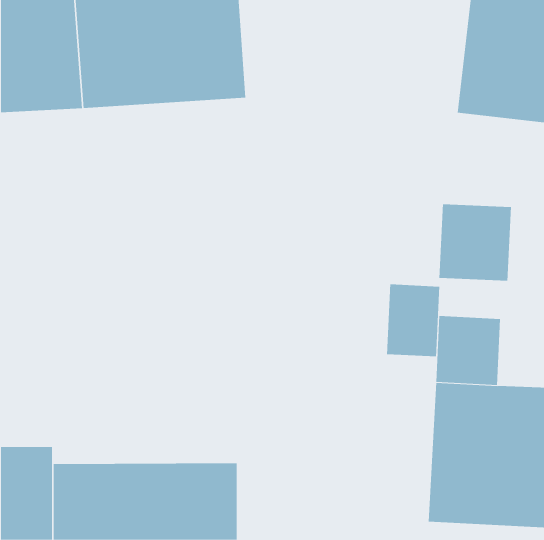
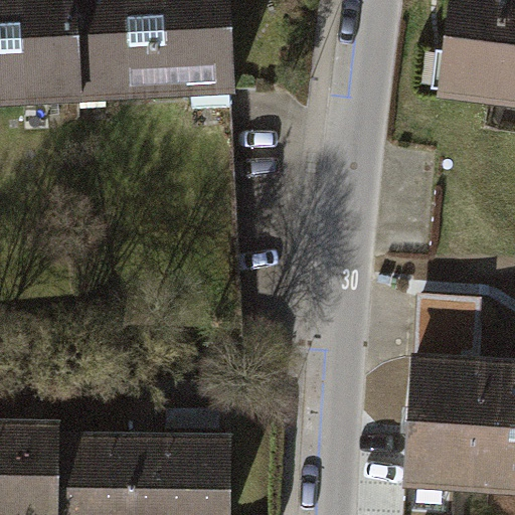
building: [439,203,511,282] -> none
building: [387,284,440,357] -> none

